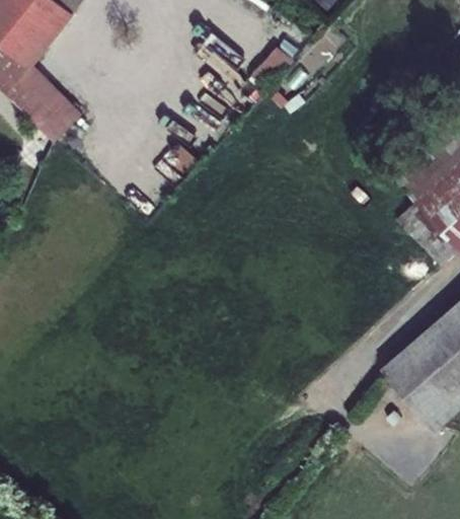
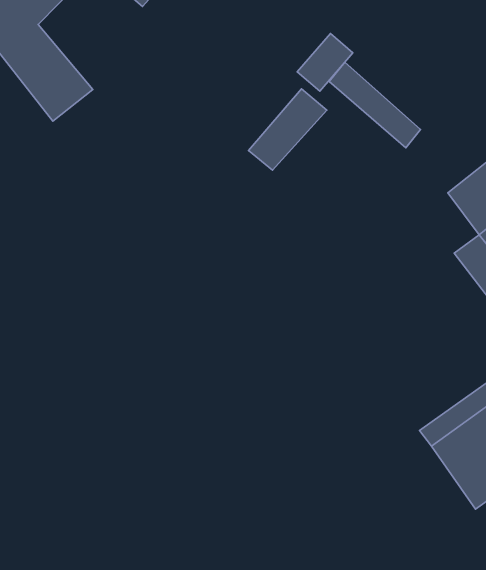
building: none -> [329,62,420,148]
building: none -> [248,89,327,170]

